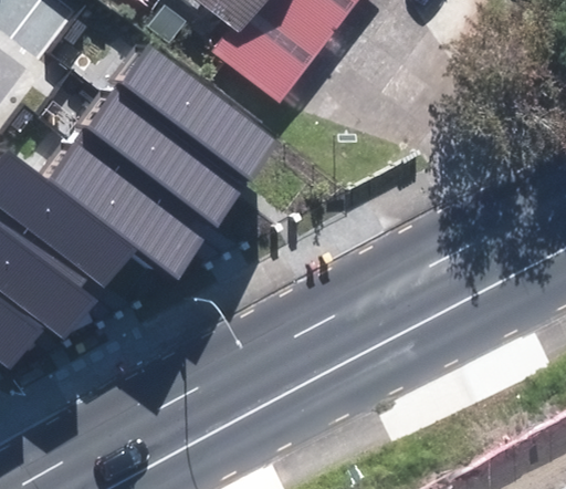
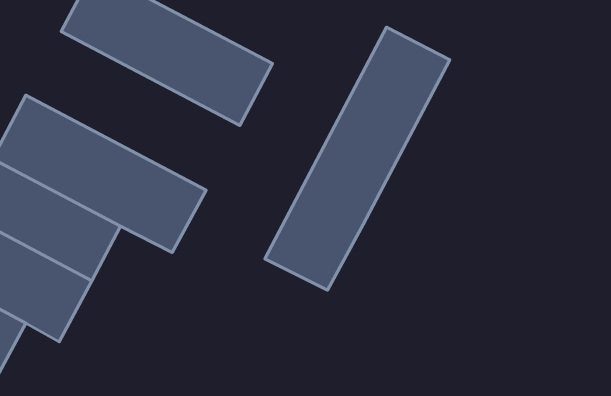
building: [64,81,239,232] -> none
building: none -> [265,27,450,290]

